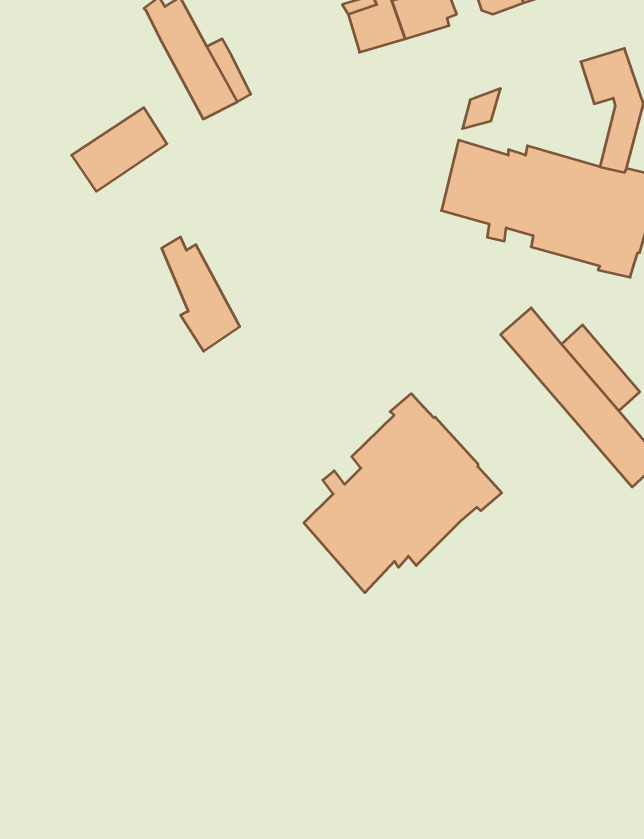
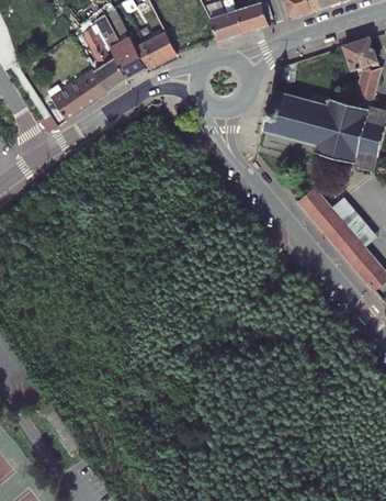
building: none -> [143,31,175,64]
building: [162,237,240,351] -> [81,26,126,92]
building: [304,394,502,593] -> none

